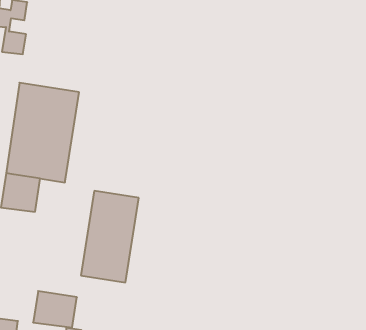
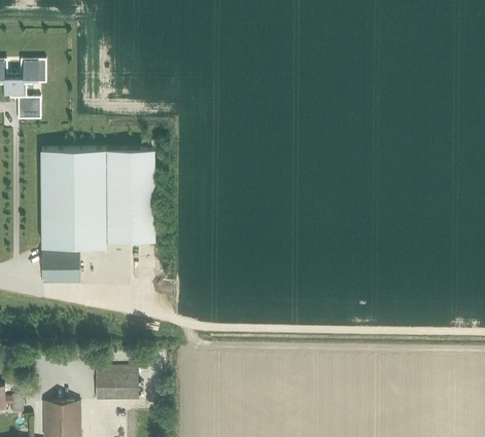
building: [81,191,139,282] -> [105,150,153,242]

